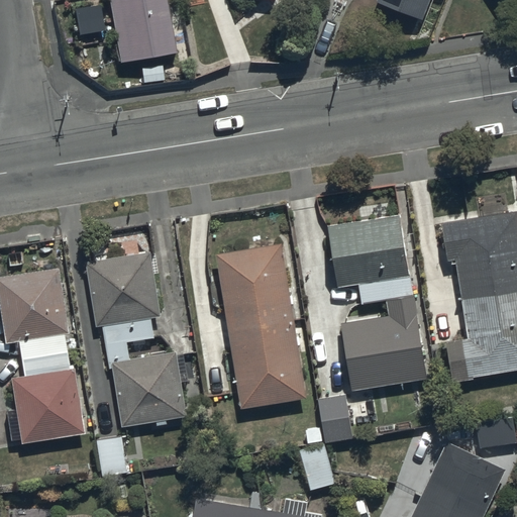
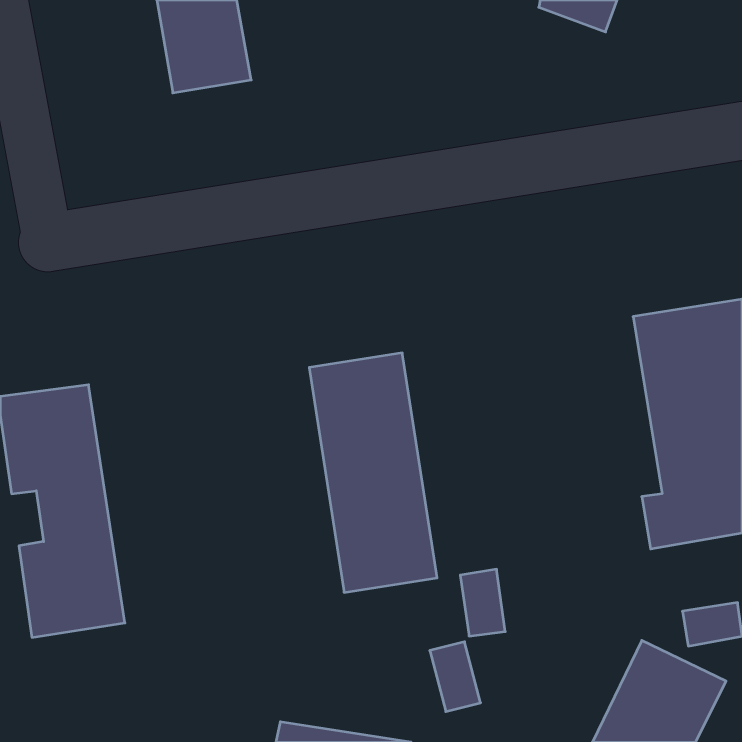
building: [326,214,427,391] -> none
building: [92,250,191,427] -> none

